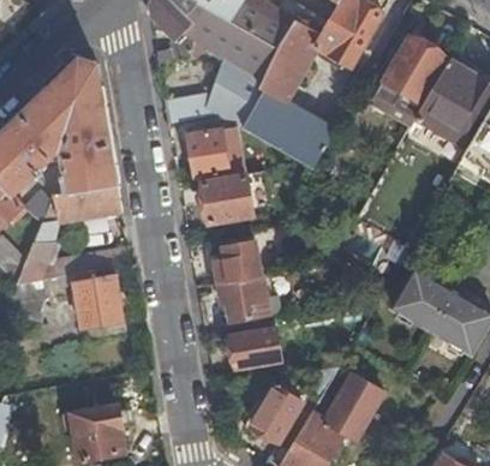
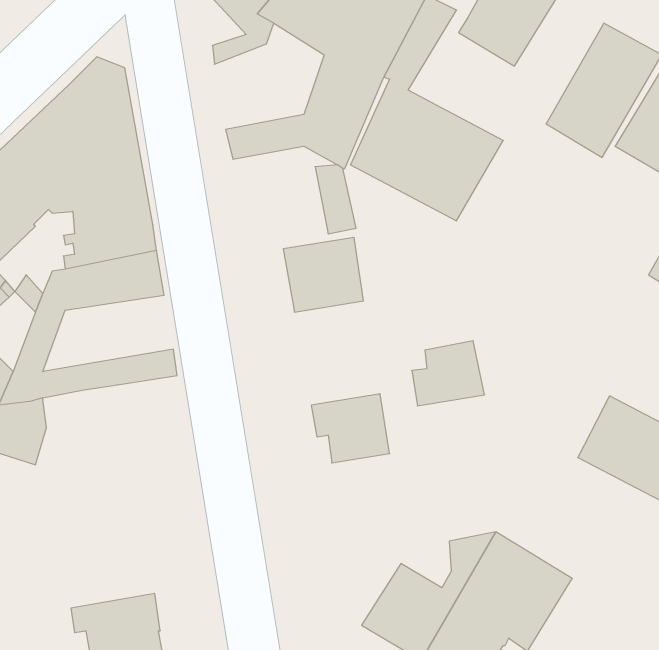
building: [186,127,229,177] -> none
building: [215,239,262,281] -> [412,341,485,406]
building: [71,268,124,327] -> none
building: [229,325,281,366] -> none

